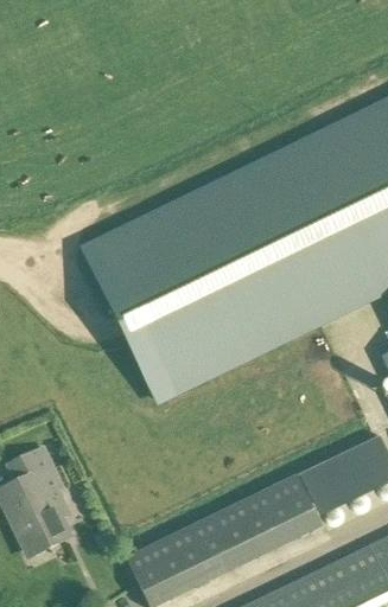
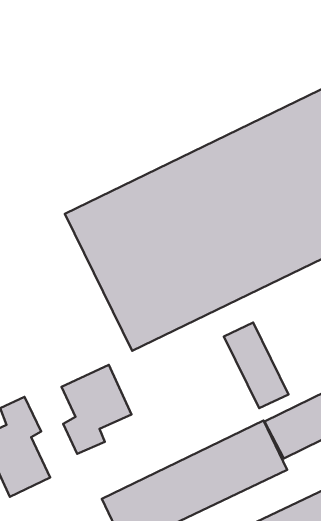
building: none -> [224,323,289,408]
building: none -> [61,365,131,454]

